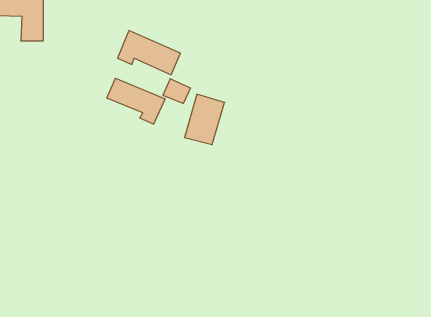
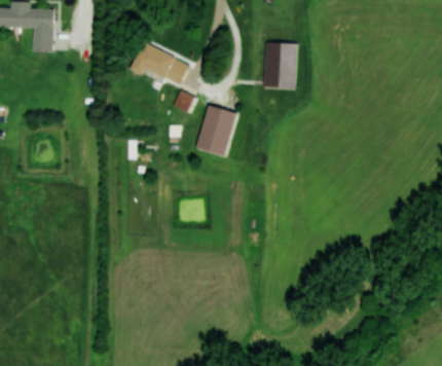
building: none -> [266,43,297,87]
building: [107,78,165,124] -> none

